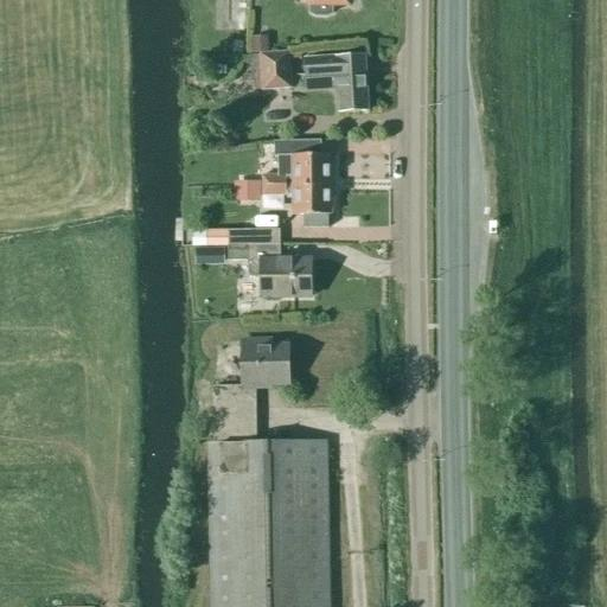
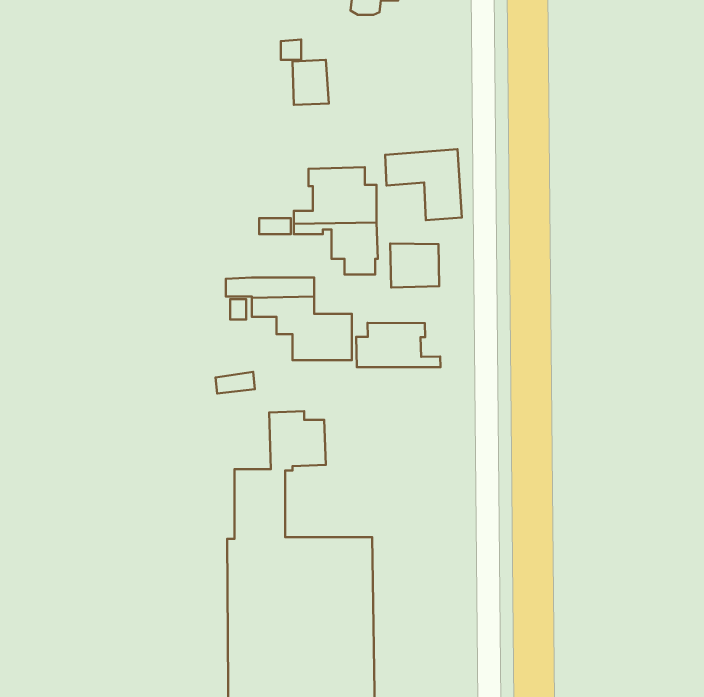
building: [306,53,369,111] -> [385,149,462,220]
building: none -> [390,243,439,288]
building: none -> [356,323,440,367]

